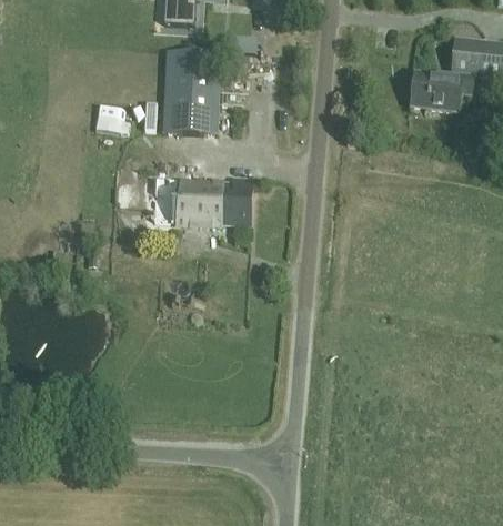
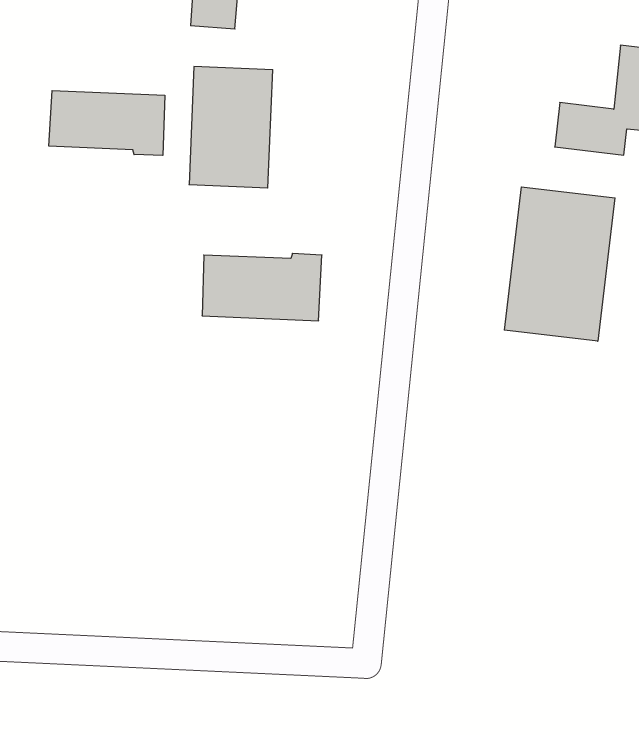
building: none -> [49,91,165,155]
building: none -> [504,187,615,341]

